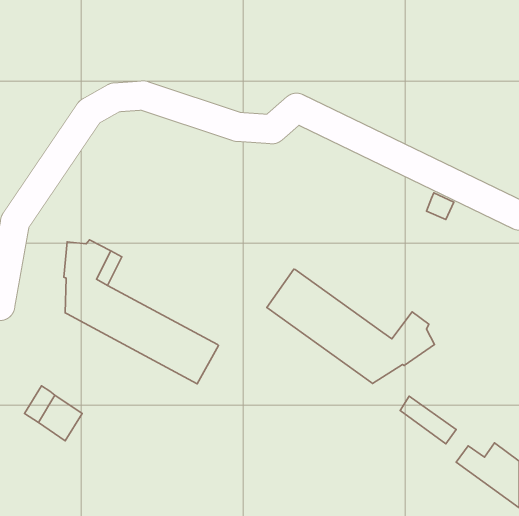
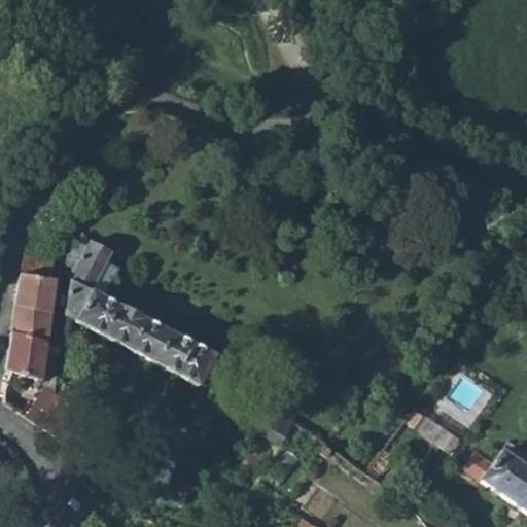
building: none -> [7,257,57,385]
building: [267,269,434,383] -> none

